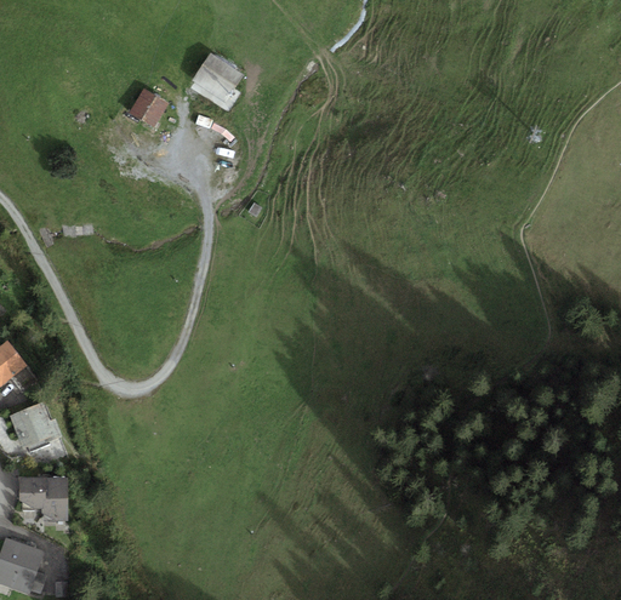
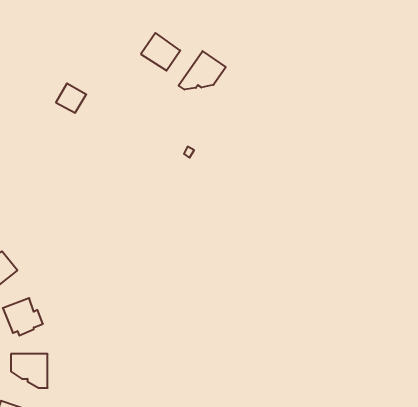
building: none -> [179,51,226,90]
building: [129,87,169,126] -> [56,83,86,113]

